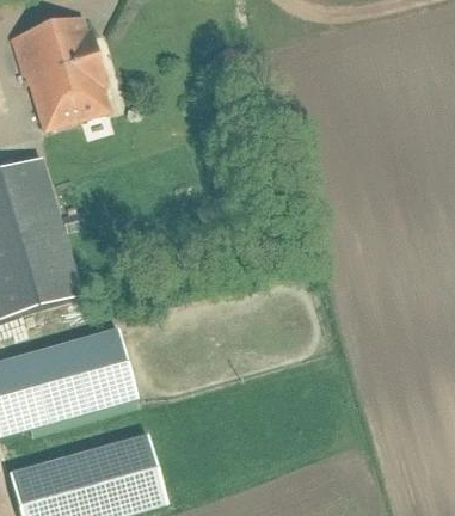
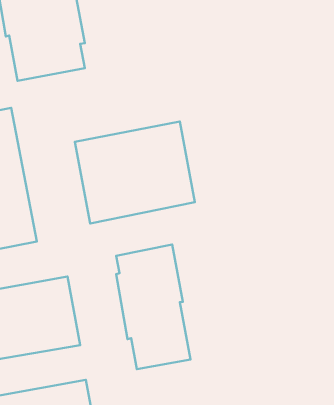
building: none -> [75,122,195,223]
building: none -> [116,245,191,369]

